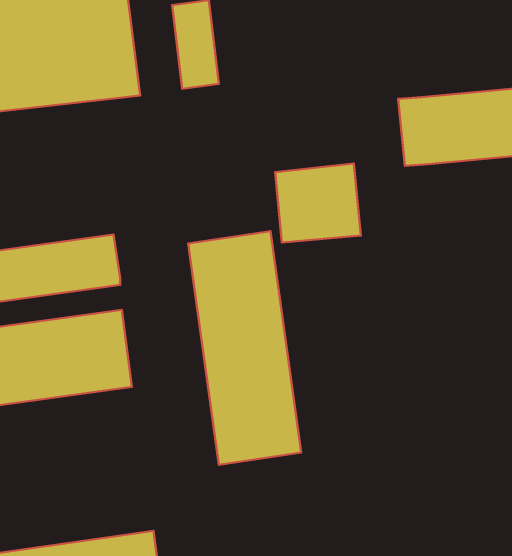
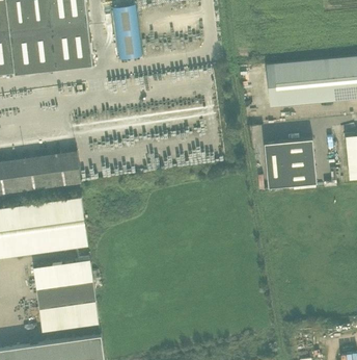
building: [275,164,361,242] -> [264,139,317,188]
building: [188,231,301,465] -> none
building: none -> [33,264,98,326]

